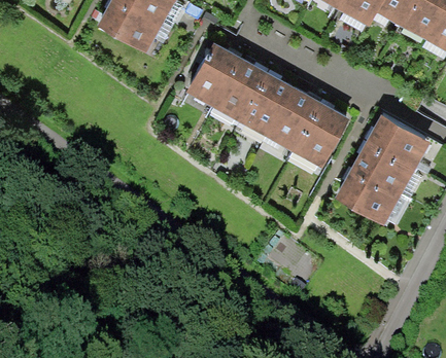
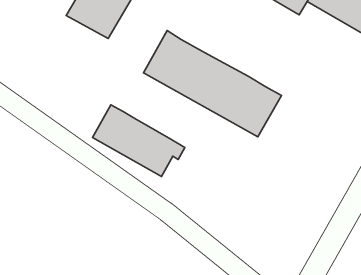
building: [335,115,430,225] -> none
building: none -> [92,105,185,177]

